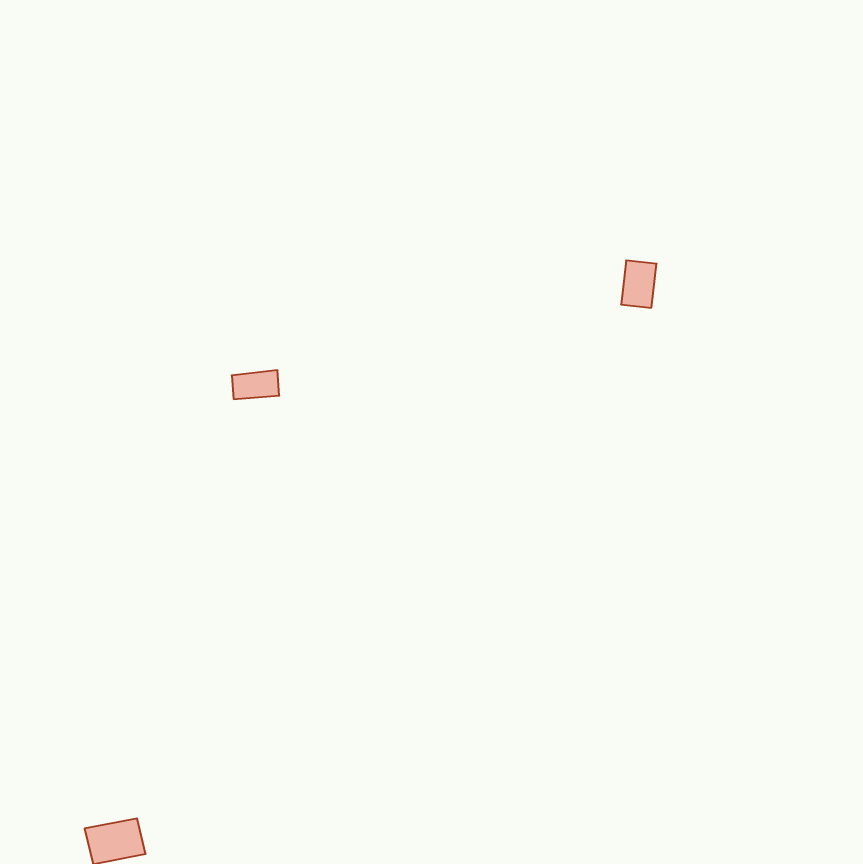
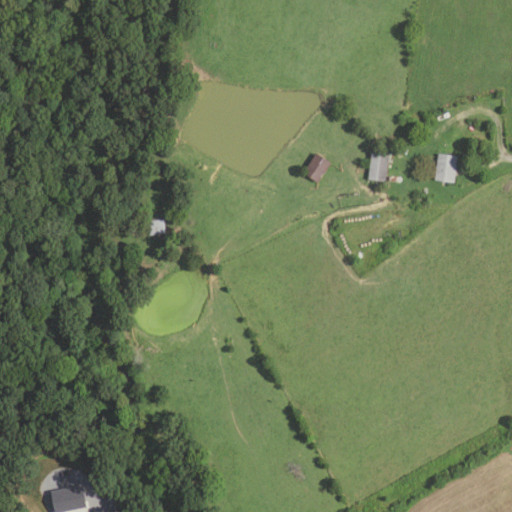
building: none -> [303,153,332,183]
building: none -> [435,154,458,183]

